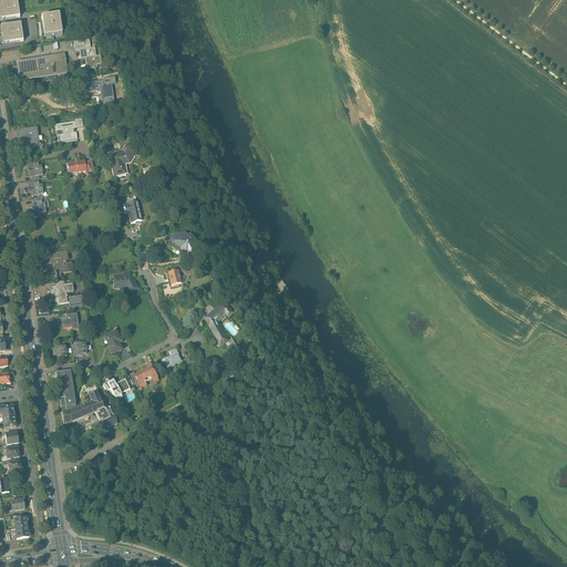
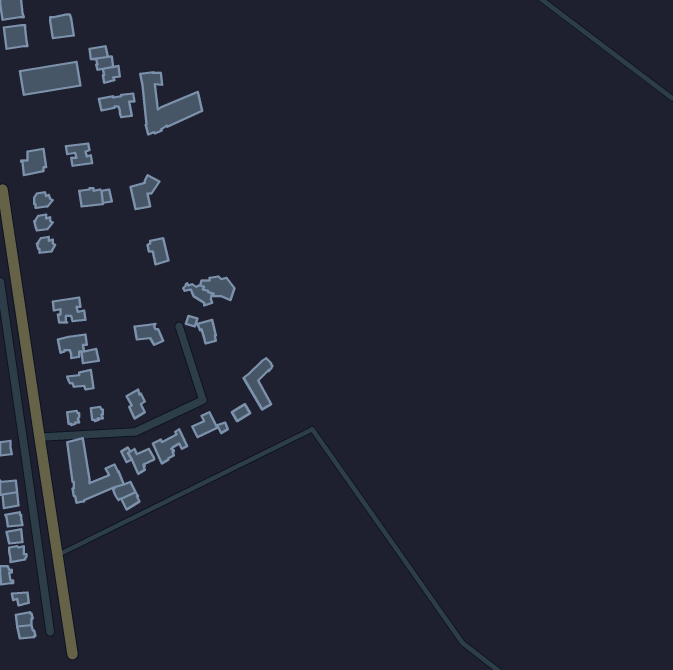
building: none -> [140,72,202,134]

